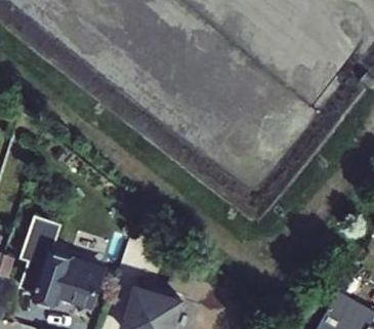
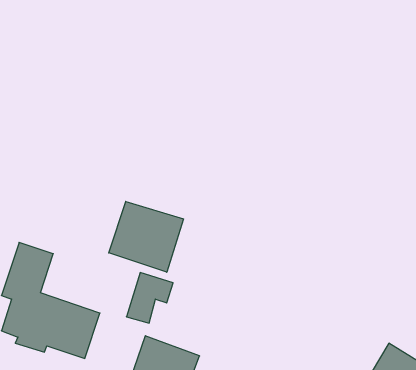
building: none -> [109,201,183,272]

